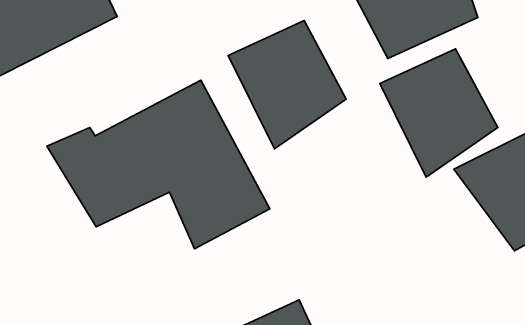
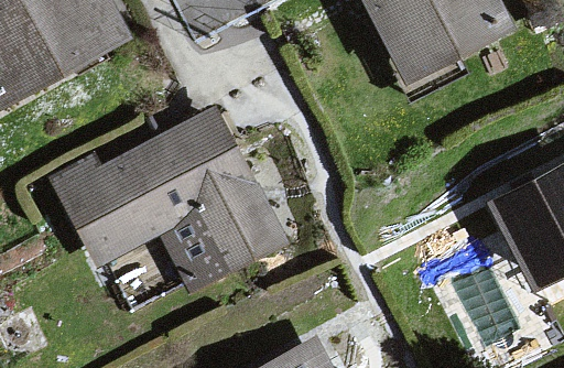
building: [228,21,346,149] -> none
building: [380,49,498,177] -> none

